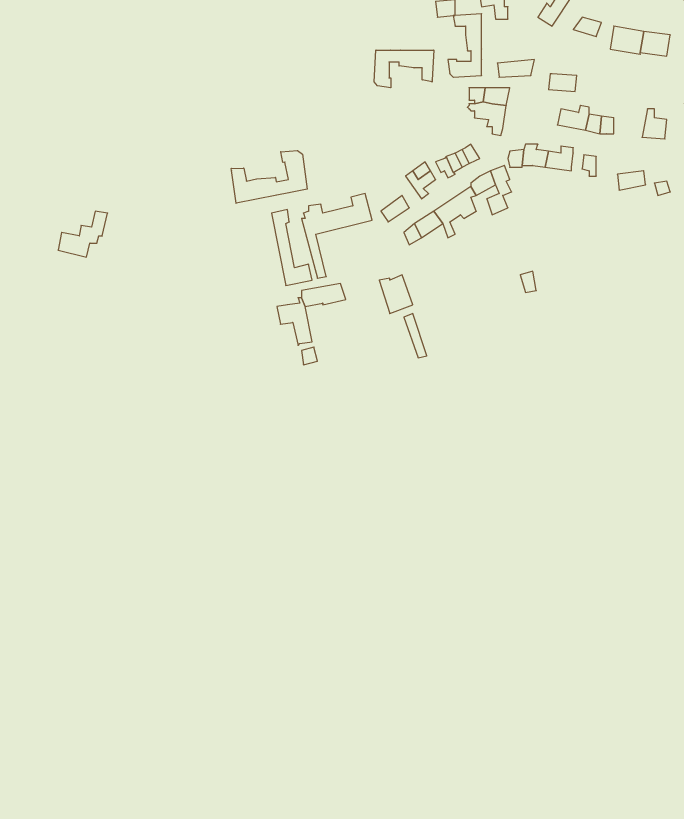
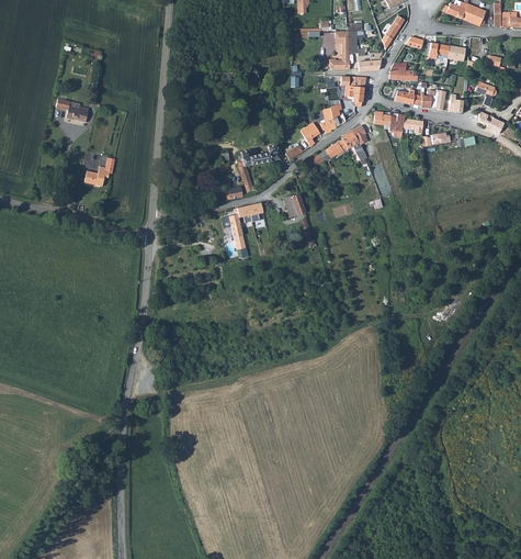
building: [374,50,434,88] -> none
building: none -> [56,96,88,119]
building: [231,151,307,203] -> none

